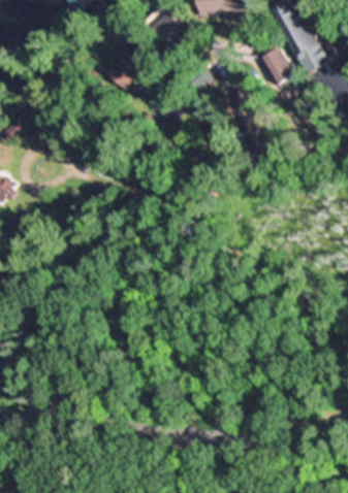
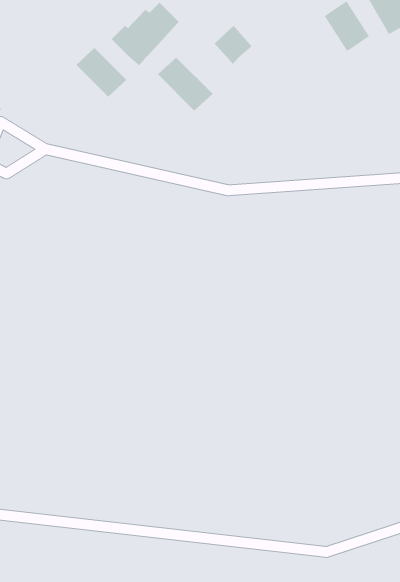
building: none -> [75,47,127,97]
building: none -> [157,57,213,111]

